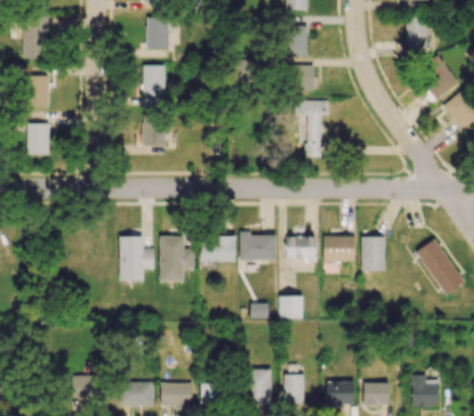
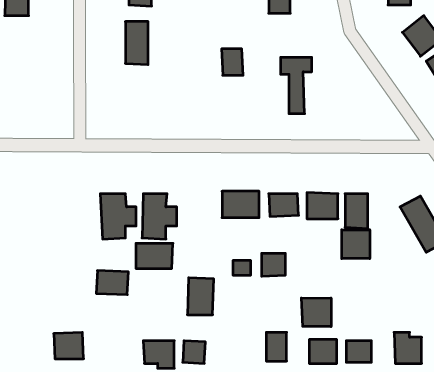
building: [293,66,314,92] -> [222,49,243,75]
building: [27,76,49,108] -> none
building: [143,117,166,147] -> none
building: [26,124,49,155] -> none
building: [199,237,236,262] -> [136,243,173,268]
building: none -> [342,230,370,259]
building: none -> [301,298,331,327]
building: [245,370,272,406] -> [187,278,214,315]
building: [118,383,150,406] -> [96,271,128,295]

